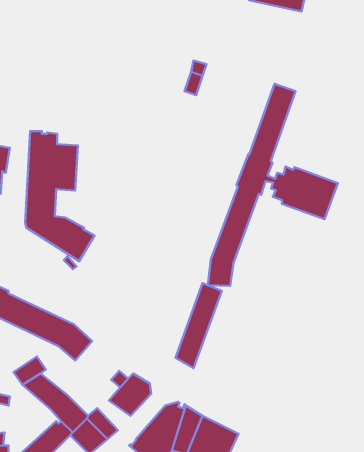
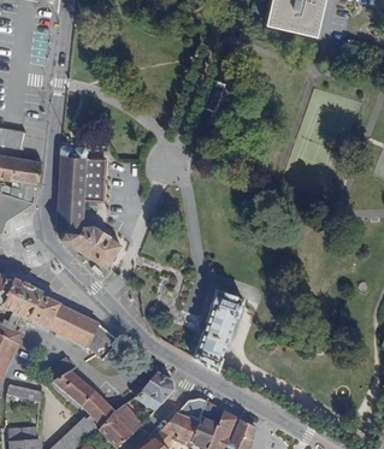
building: [208,84,338,286] -> none

